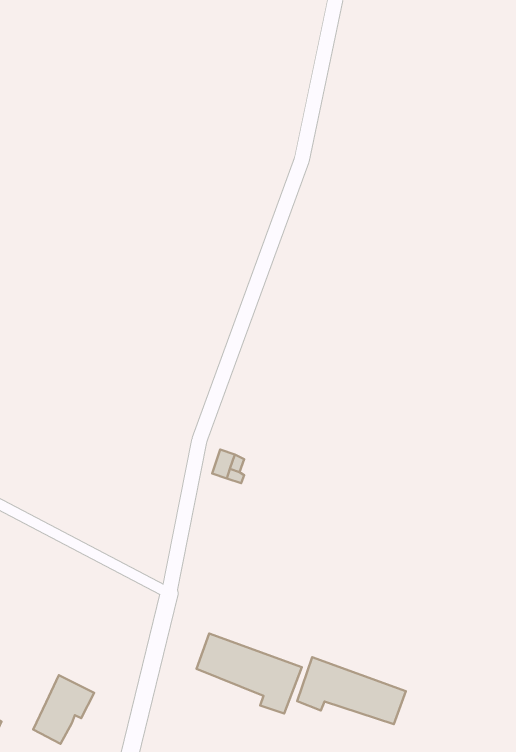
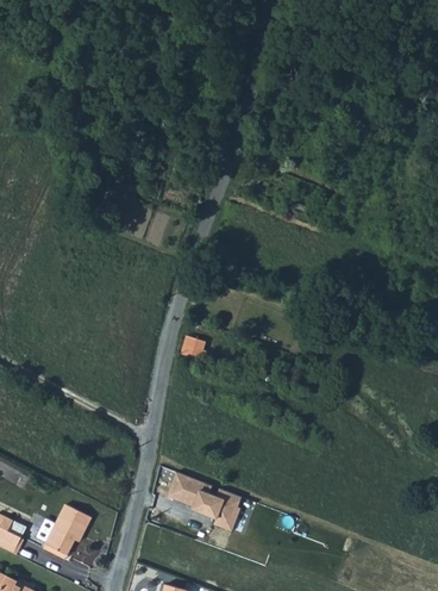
building: [297,657,406,724] -> none

